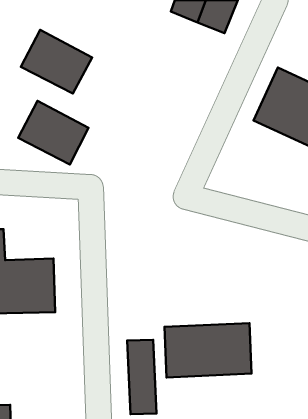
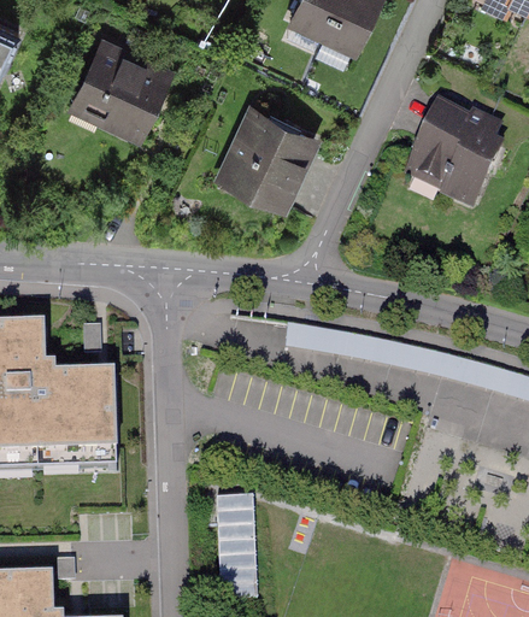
building: none -> [205,90,324,218]
building: [18,101,89,164] -> none
building: [164,323,252,377] -> none

